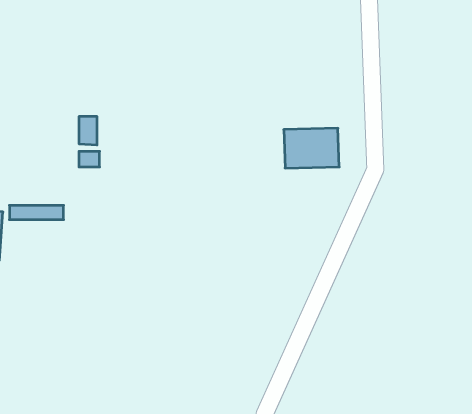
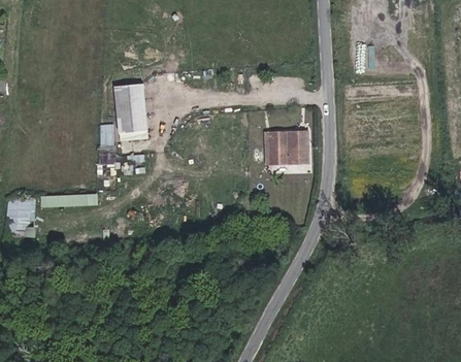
building: none -> [114,84,146,133]

